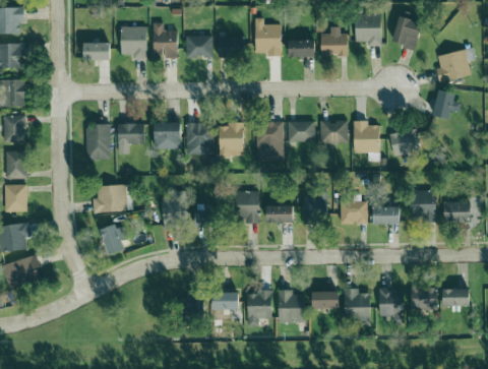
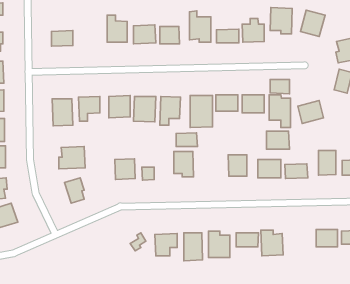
building: [121,25,148,59] -> none
building: none -> [270,80,289,94]
building: none -> [266,131,289,149]
building: [267,205,294,223] -> [176,133,197,147]
building: [379,289,405,323] -> none

